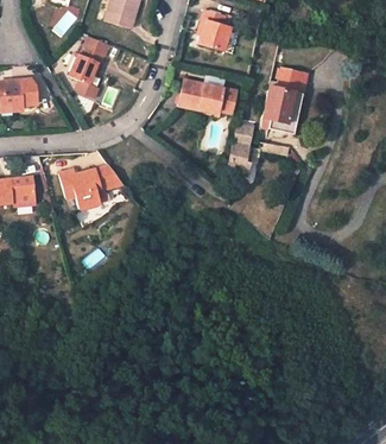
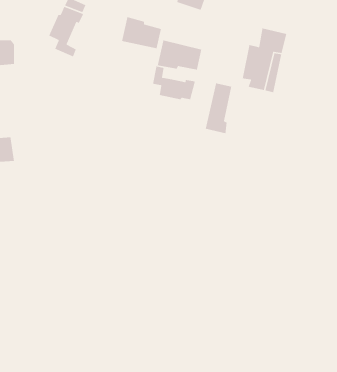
building: none -> [121,16,162,49]
building: none -> [152,66,196,100]
building: [59,165,122,208] -> none

